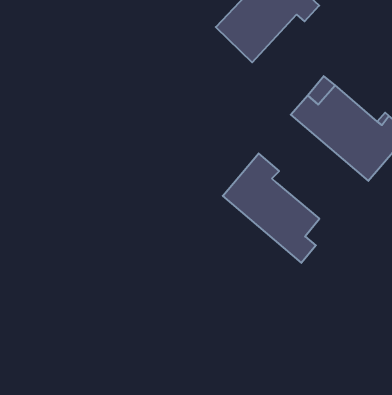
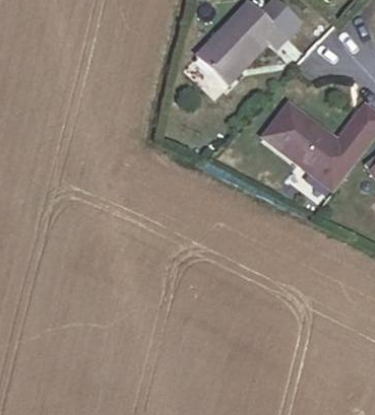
building: [223,153,319,263] -> none

